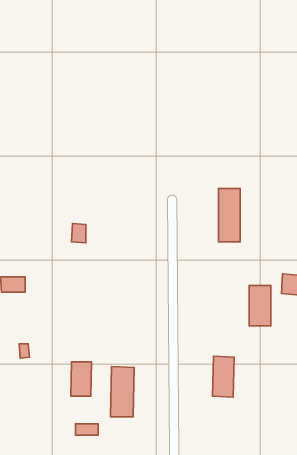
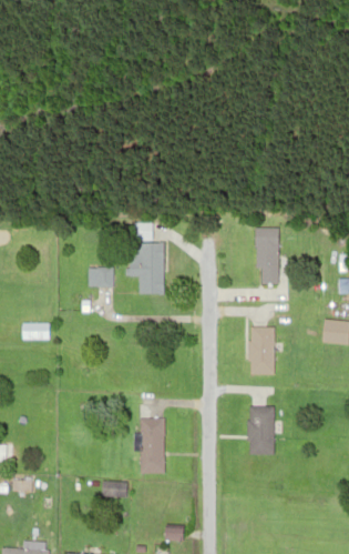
building: none -> [137,244,164,292]
building: [249,286,271,326] -> [250,329,274,372]
building: [71,362,91,396] -> none

